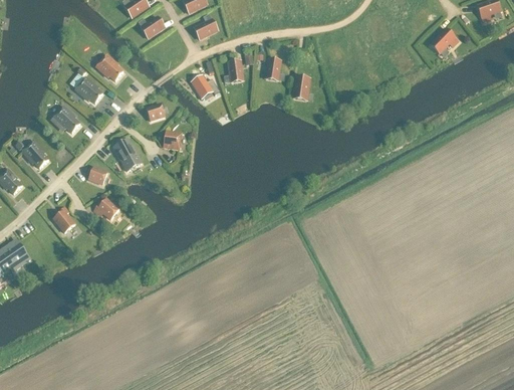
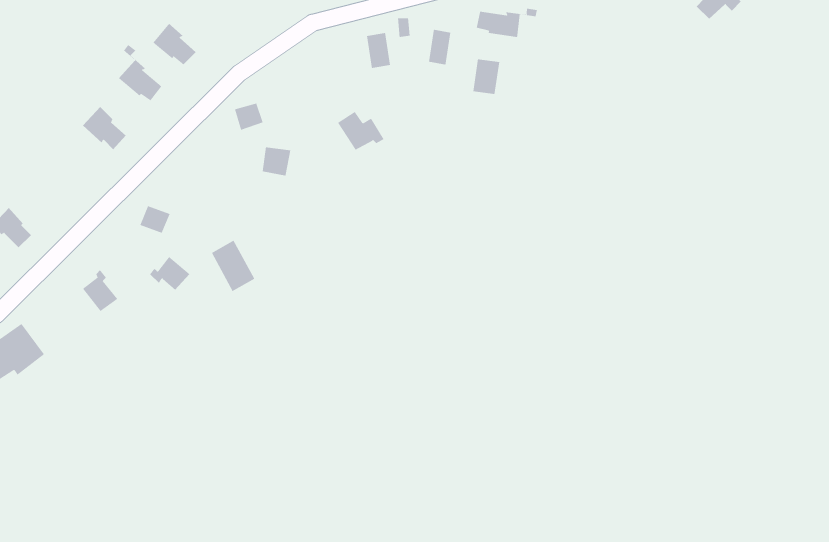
building: none -> [476,8,538,38]
building: [191,74,220,99] -> [337,111,384,150]
building: [114,139,142,171] -> [211,240,255,292]
building: [15,141,48,168] -> none

